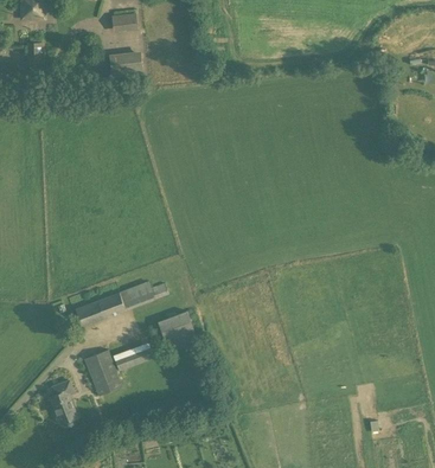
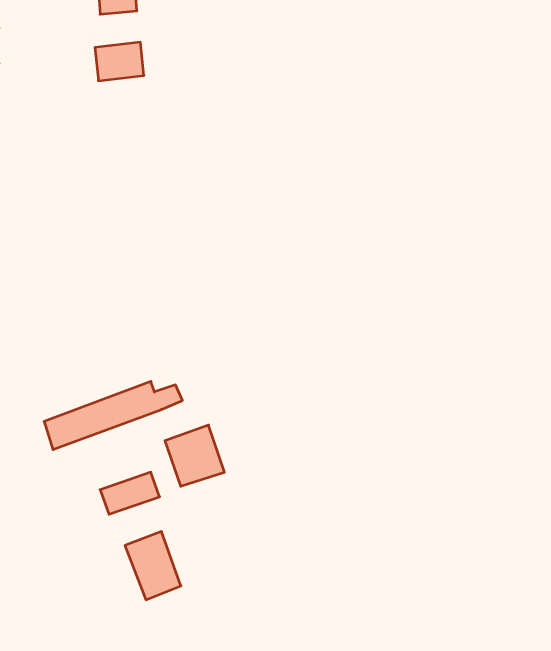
building: [82,350,120,396] -> [125,532,181,600]
building: [49,379,75,422] -> none

